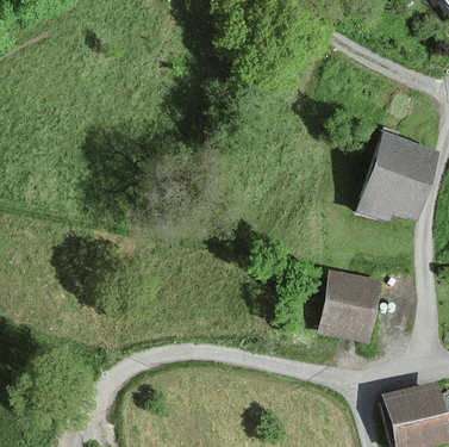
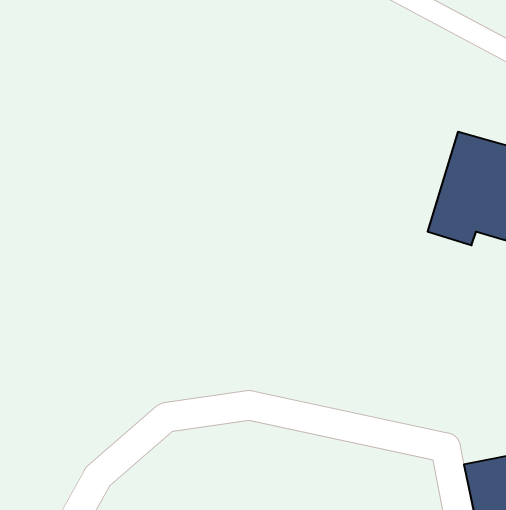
building: [320,272,380,341] -> none

